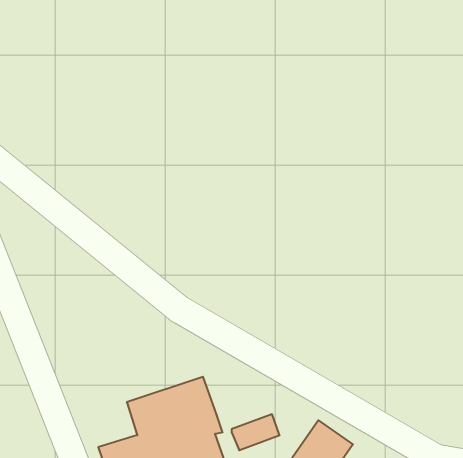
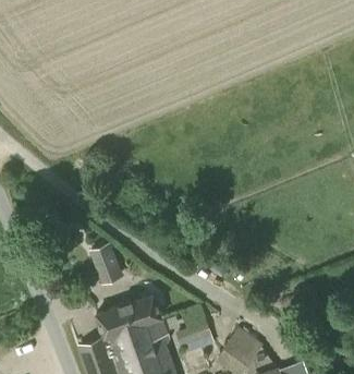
building: none -> [90,243,124,285]

